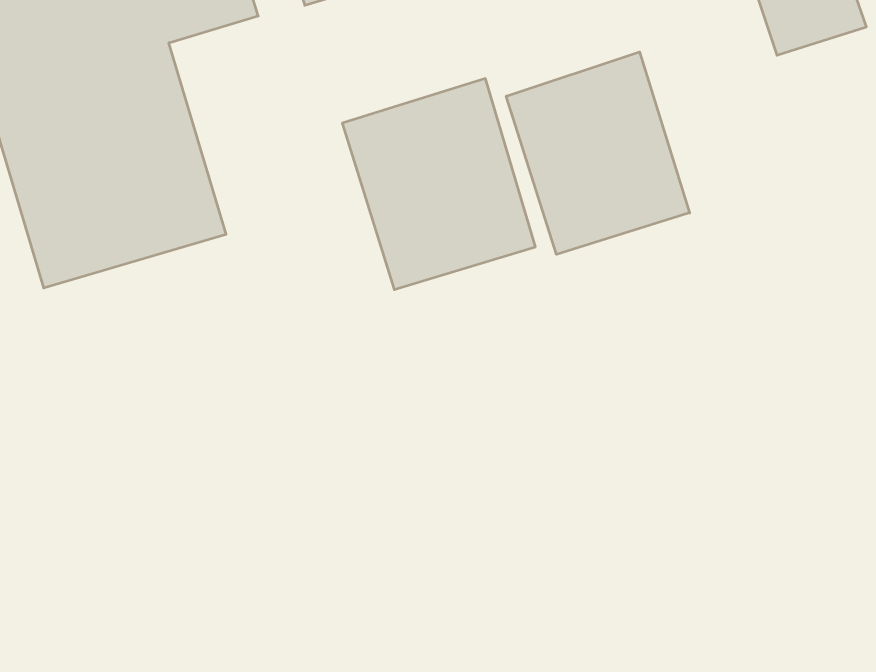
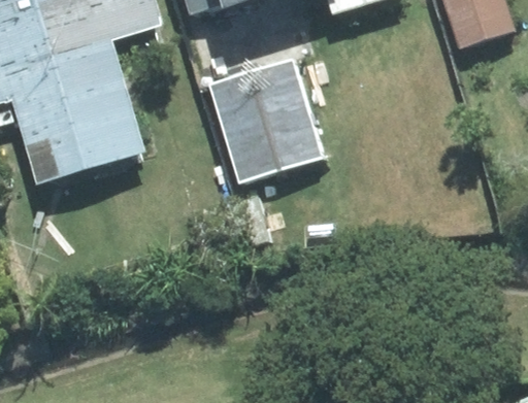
building: [506,52,690,254] -> none

